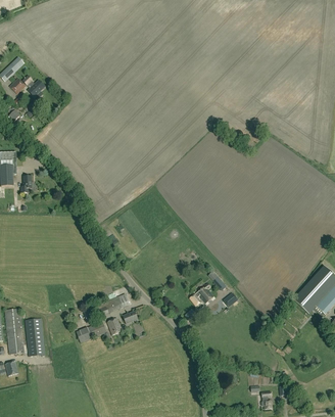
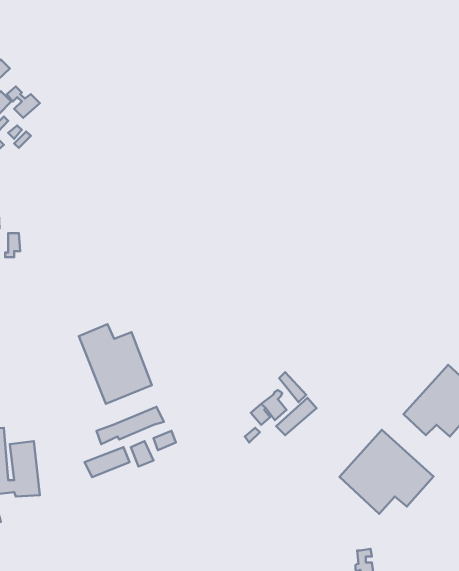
building: none -> [79,324,152,404]
building: none -> [340,430,434,514]

